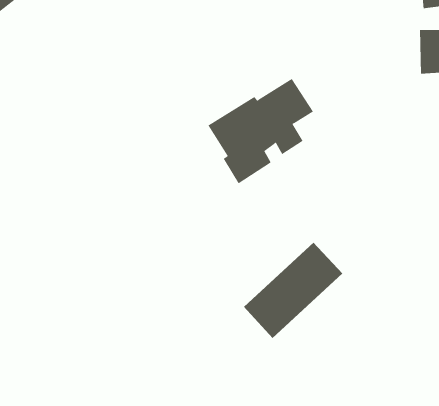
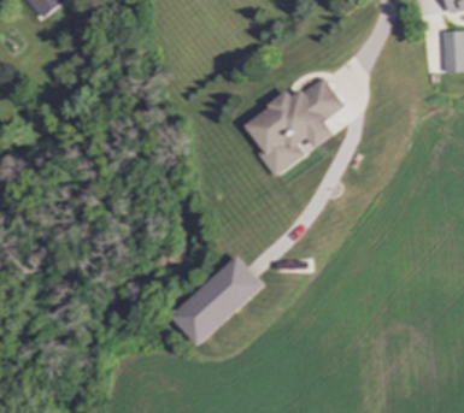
building: [243,242,343,339] -> [170,254,264,346]

